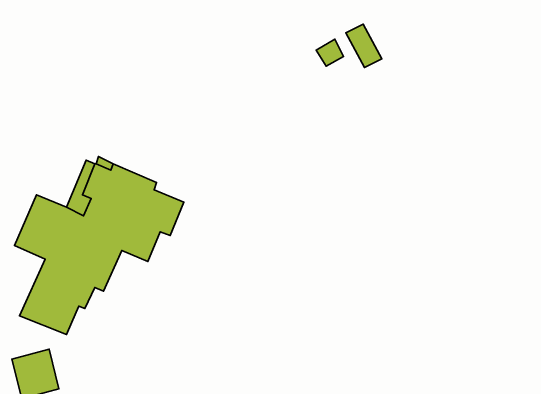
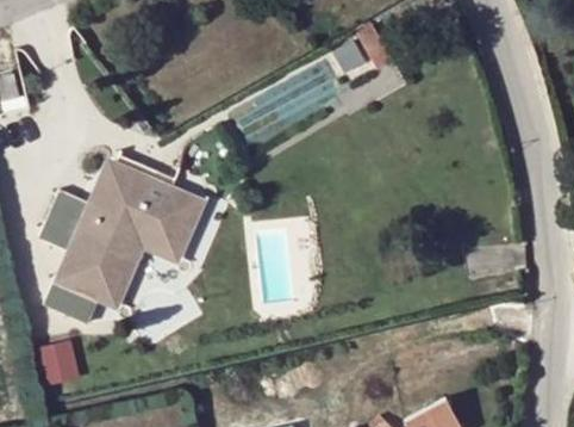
building: none -> [96,197,206,311]

